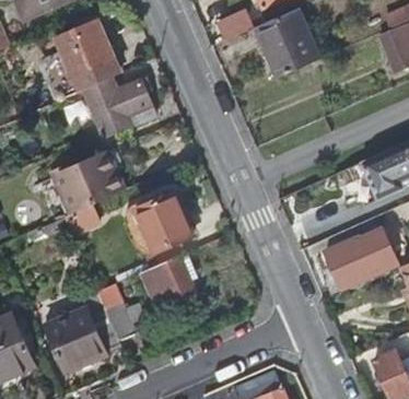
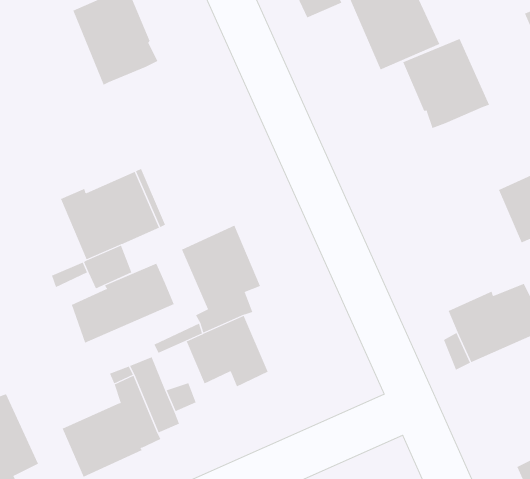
building: none -> [402,38,490,129]
building: [84,77,155,136] -> none
building: none -> [71,263,174,343]

